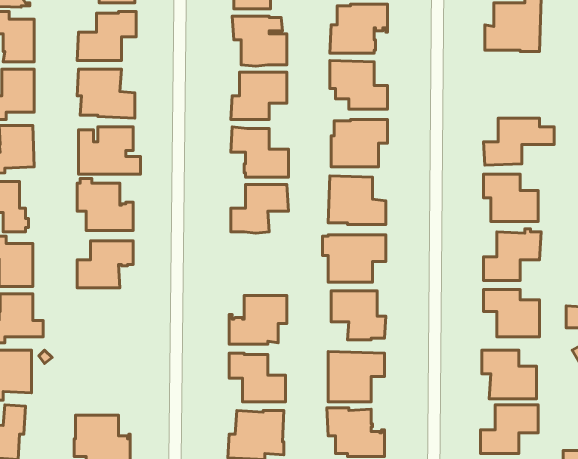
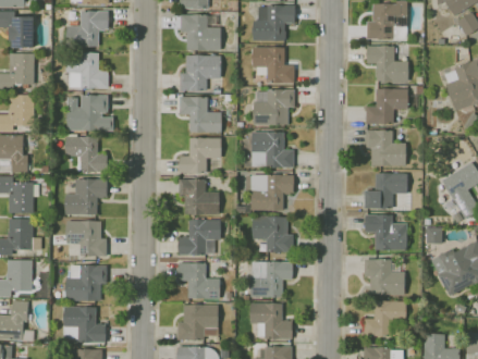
building: none -> [367,46,408,83]
building: none -> [180,180,220,215]
building: none -> [68,221,107,257]
building: none -> [66,265,107,300]

